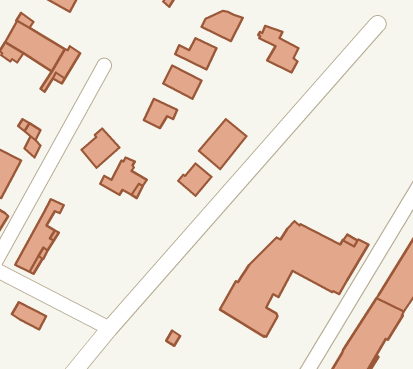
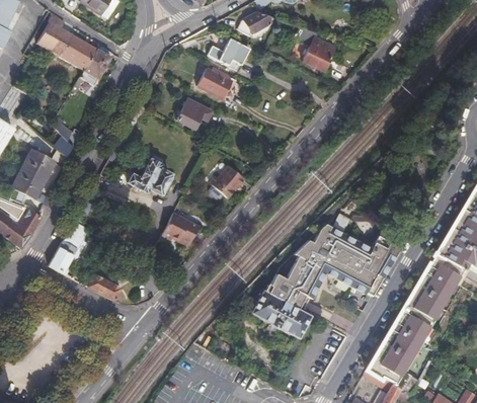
building: [199,119,246,169] -> none
building: [82,129,120,168] -> none
building: none -> [161,214,197,245]
building: [12,302,46,329] -> [87,273,122,301]

